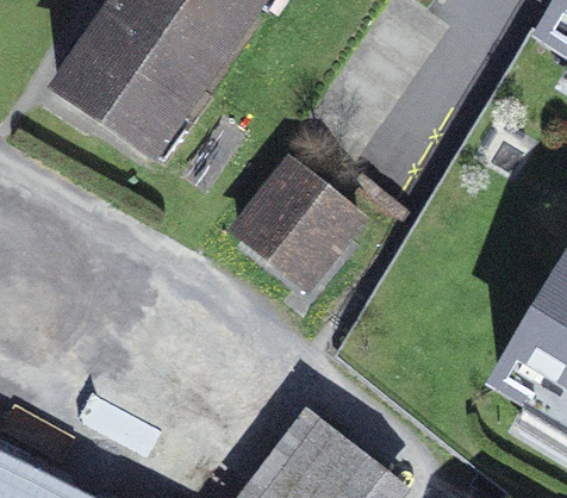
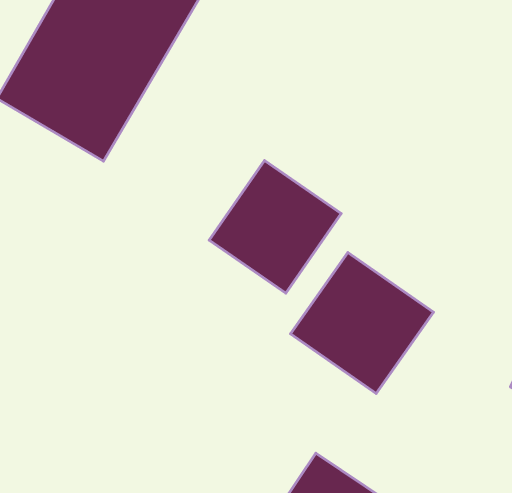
building: none -> [291,252,433,393]

